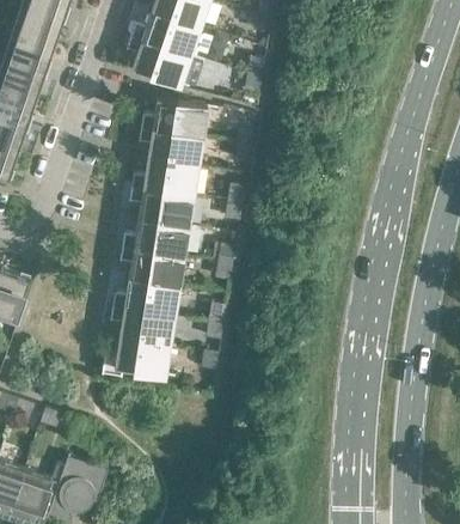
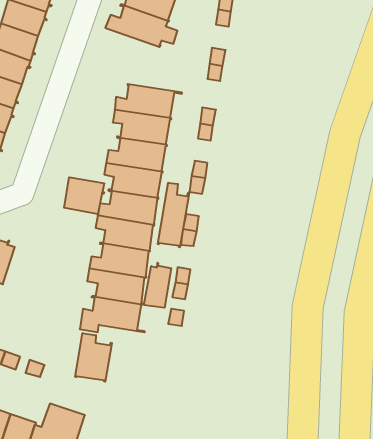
building: [125,33,191,86] -> none
building: none -> [64,177,104,214]
building: none -> [158,183,189,247]
building: none -> [144,263,171,308]
building: none -> [75,333,112,382]

